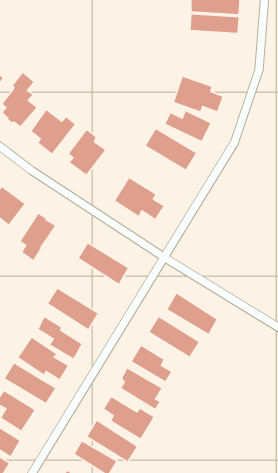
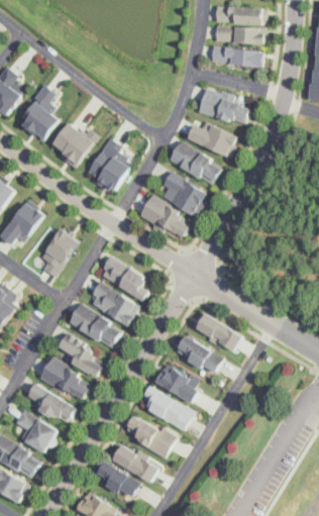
building: none -> [210,45,260,67]
building: none -> [162,170,207,214]
building: none -> [90,281,133,324]

